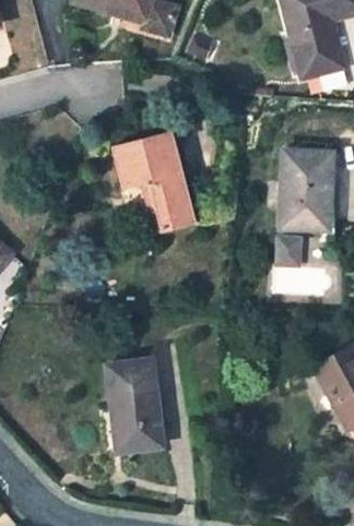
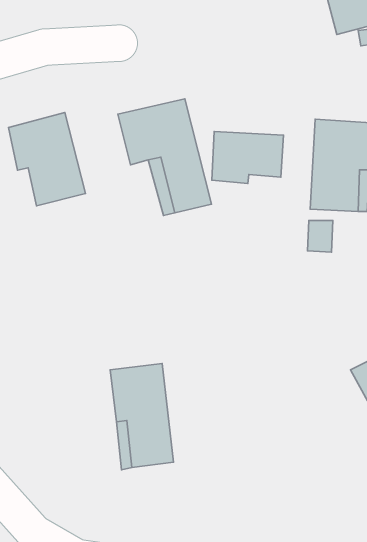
building: none -> [8,113,85,206]
building: none -> [212,131,283,183]

